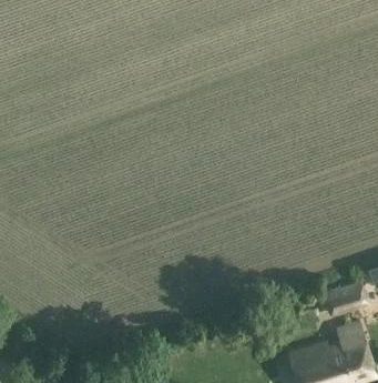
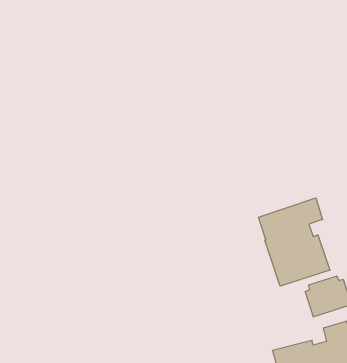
building: none -> [259,198,330,286]

